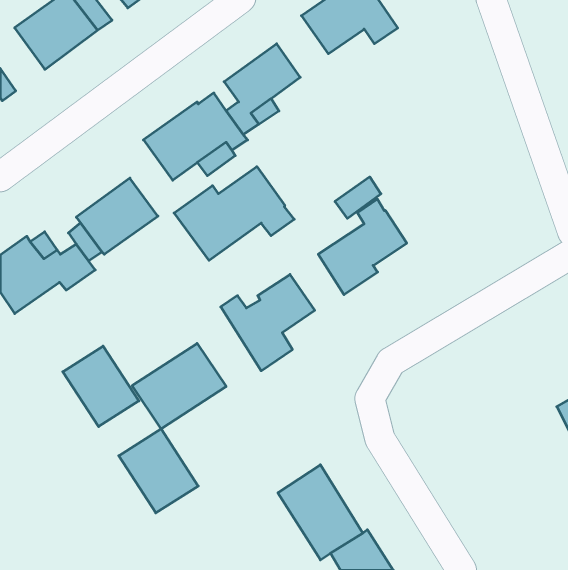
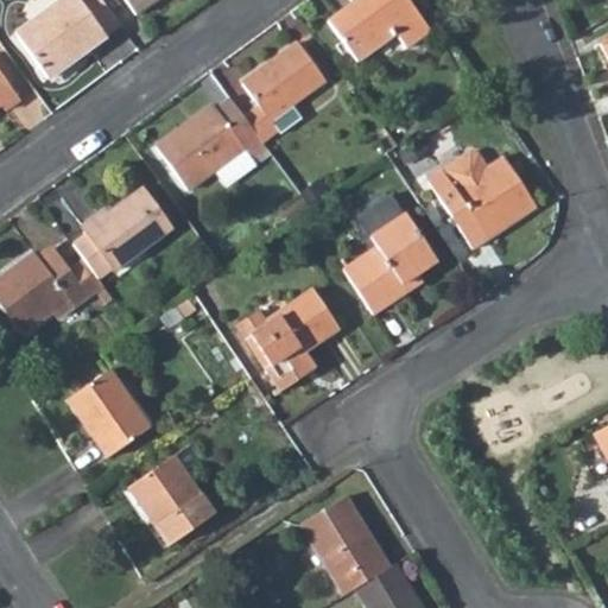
building: none -> [430,156,536,247]
building: [174,167,294,260] -> none
building: [132,343,226,429] -> none

